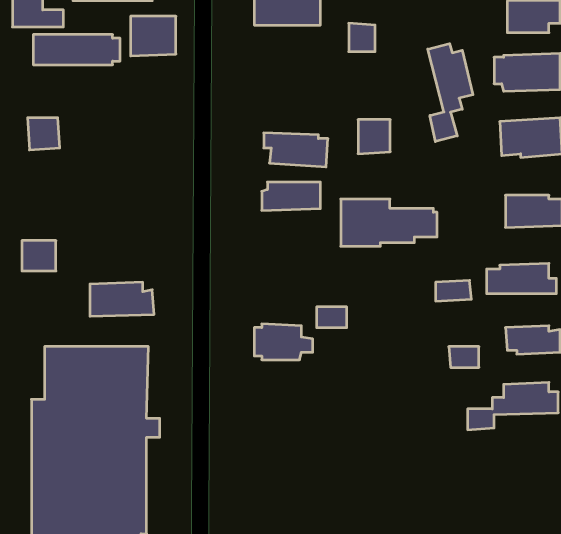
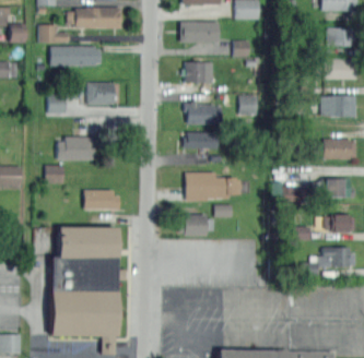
building: [131,16,176,56] -> [89,83,115,106]
building: [428,44,473,142] -> none
building: none -> [184,62,214,83]
building: none -> [59,138,97,160]
building: [341,199,437,246] -> [187,174,243,201]

